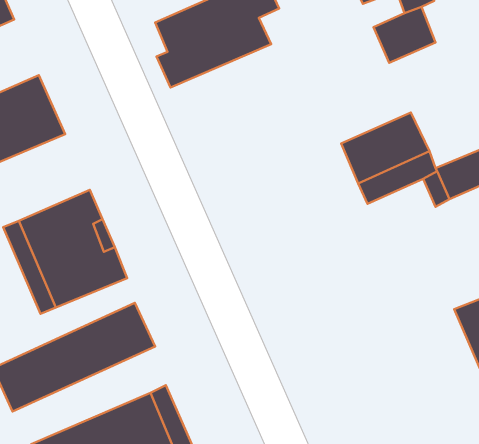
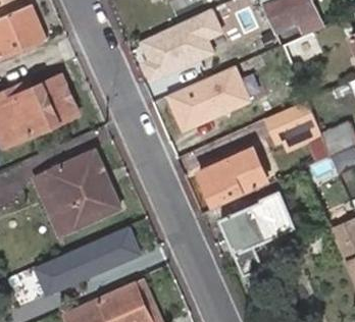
building: none -> [163,65,248,132]
building: none -> [201,152,263,201]
building: none -> [221,190,296,274]

